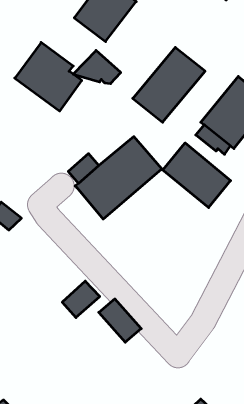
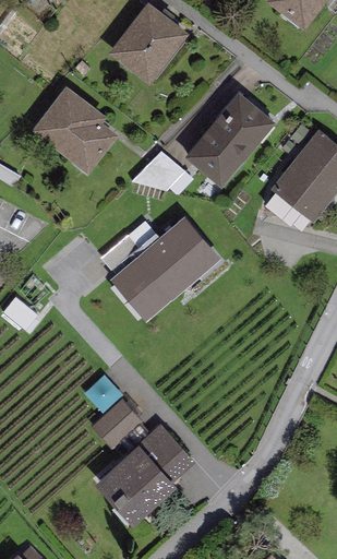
building: [73,50,121,84] -> [133,151,194,193]
building: [162,143,231,208] -> none
building: none -> [97,435,178,515]

